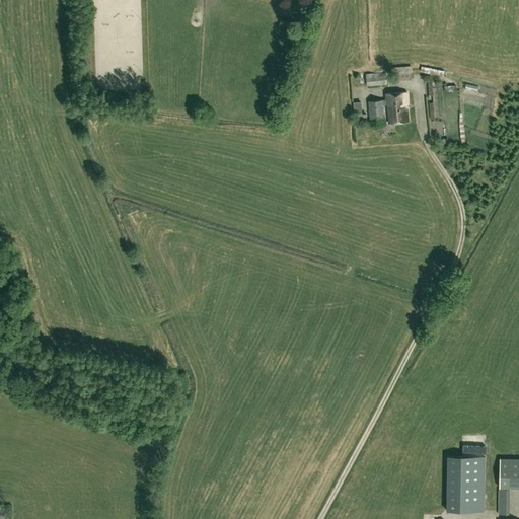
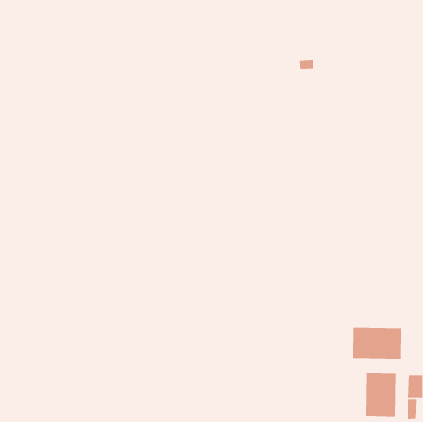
building: [369,92,409,125] -> none
building: none -> [353,327,401,360]

